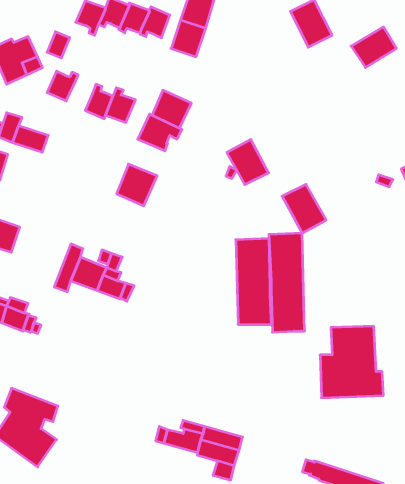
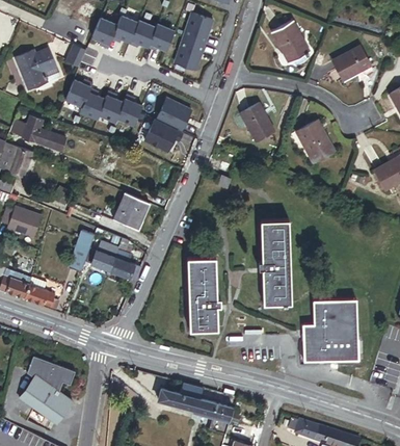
building: none -> [80,87,105,117]
building: [227,139,269,185] -> [238,102,274,141]
building: [117,164,157,206] -> [114,193,150,230]
building: [282,184,326,233] -> [300,116,339,159]
building: [236,239,271,324] -> [185,254,216,329]

